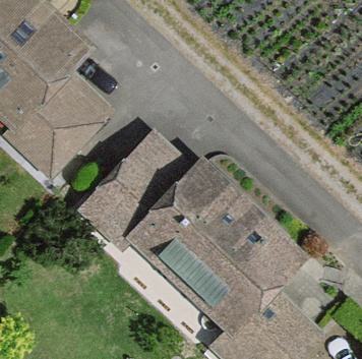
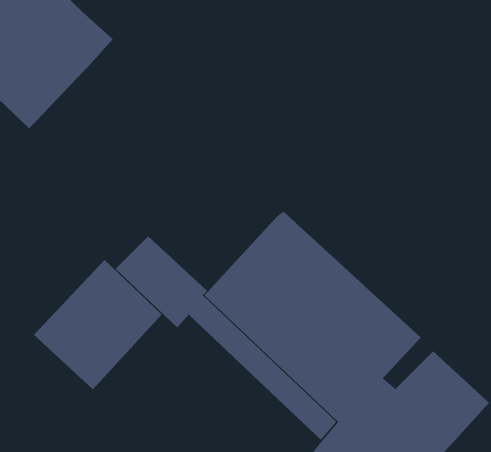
building: [22,66,110,168] -> none
building: [106,133,196,225] -> [33,259,163,390]

